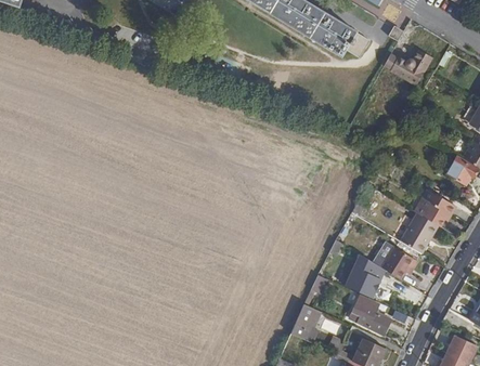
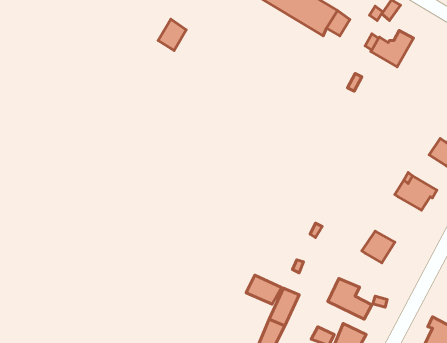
building: none -> [158,19,186,50]
building: [400,214,437,254] -> none
building: [345,256,384,298] -> none
building: none -> [246,275,281,304]

